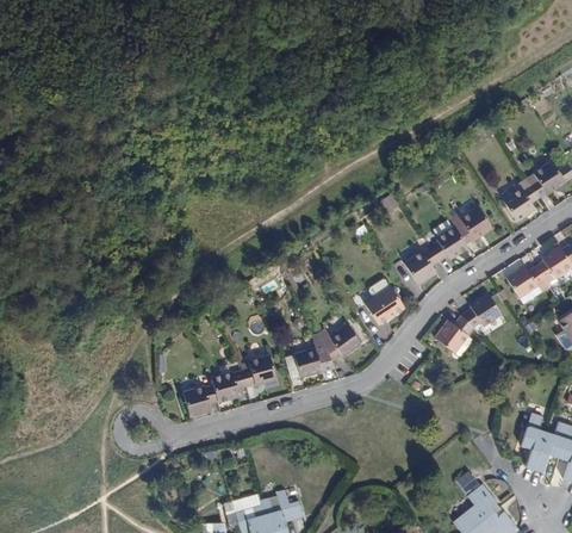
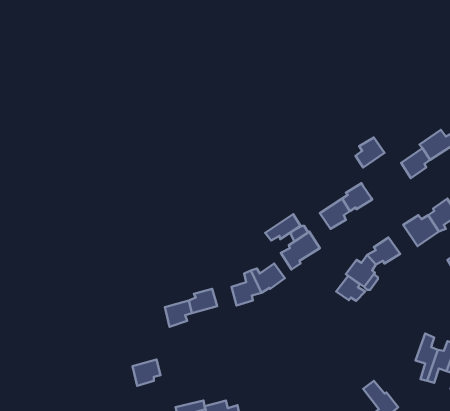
building: [455,207,491,244] -> [355,137,384,167]
building: none -> [265,214,300,241]
building: none -> [336,276,365,301]
building: [182,384,217,416] -> [132,360,160,386]

